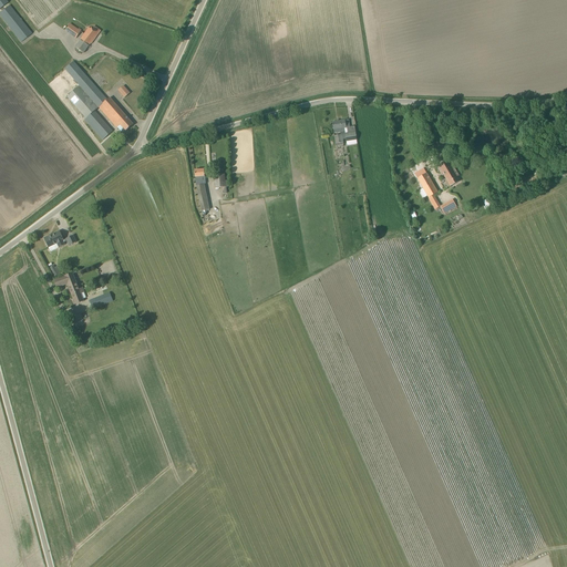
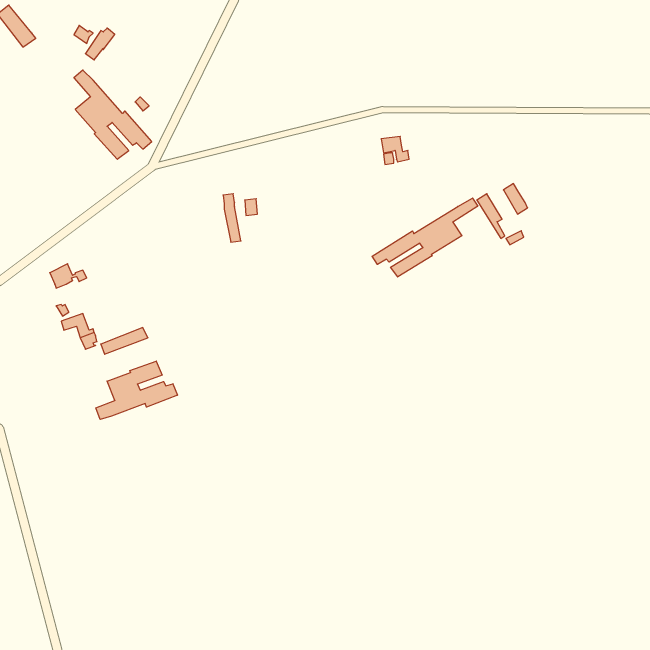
building: none -> [372,198,478,277]
building: none -> [96,361,177,419]

